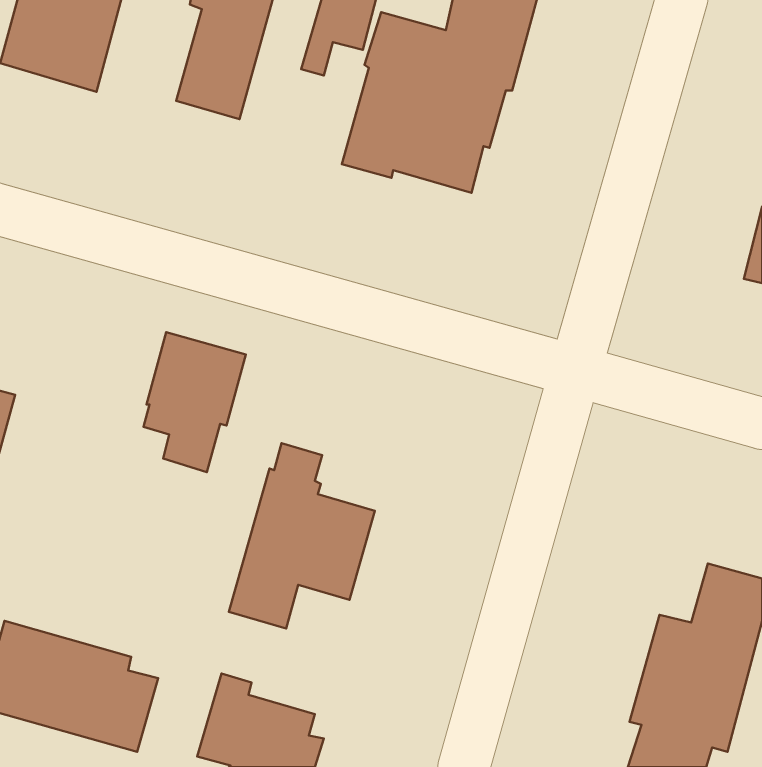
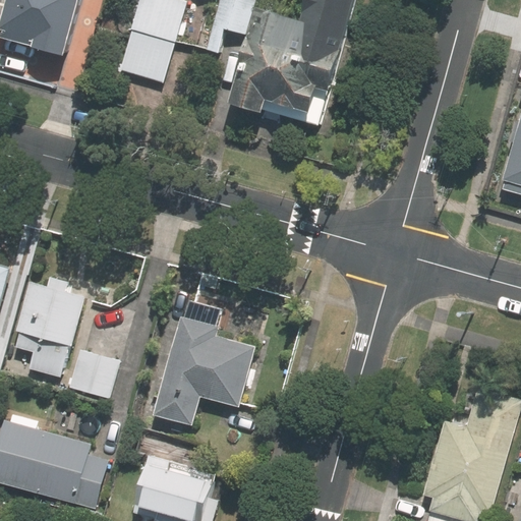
building: [144,332,246,472] -> [15,282,84,377]
building: none -> [69,347,118,396]

